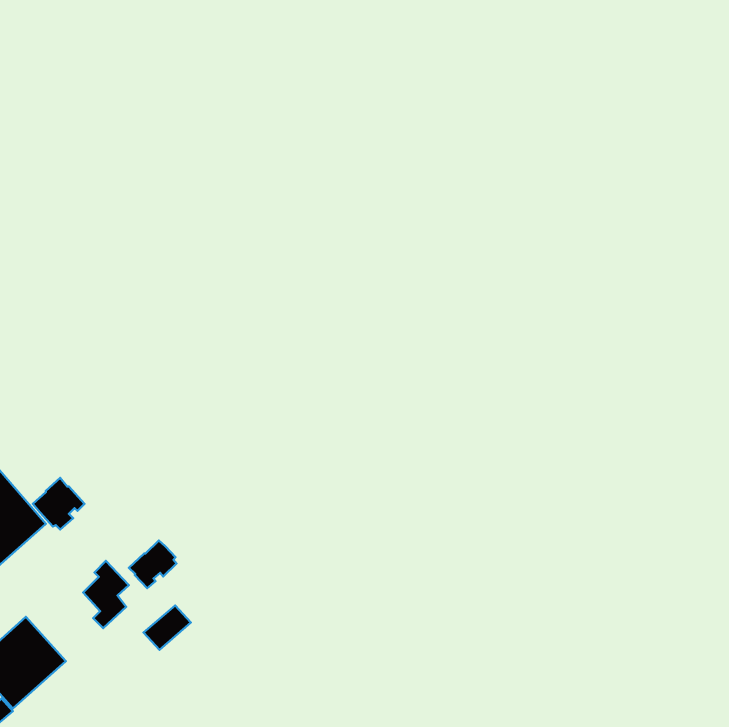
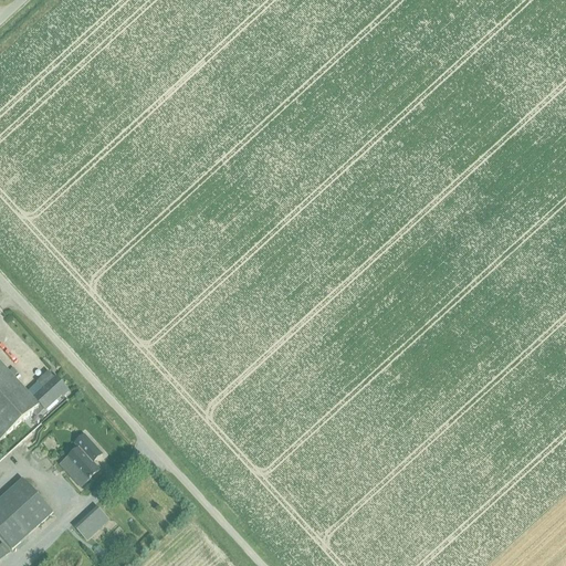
building: [129,540,177,588] -> none
building: [144,605,191,650] -> [73,504,109,538]

